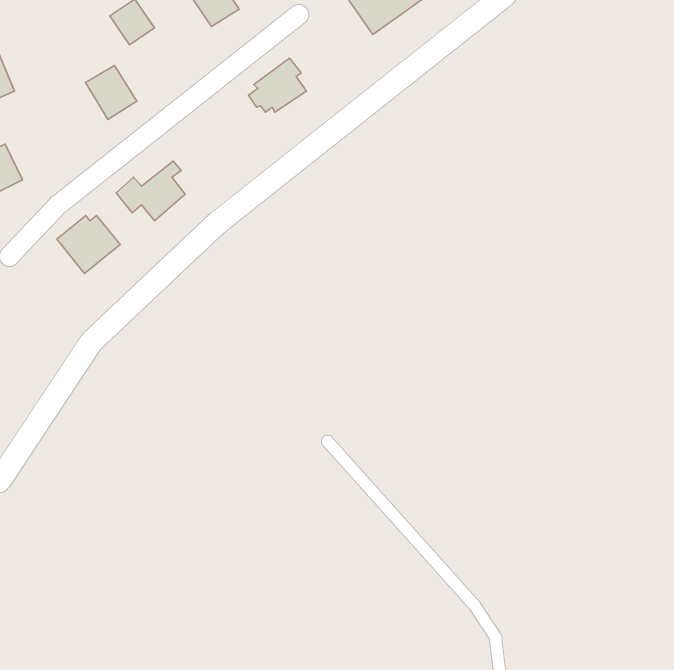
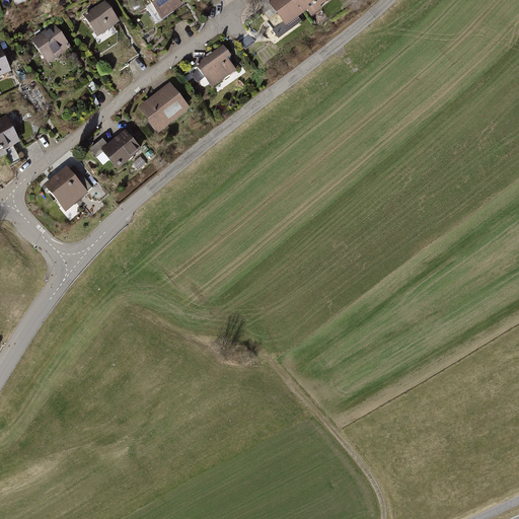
building: [85,65,137,120] -> [30,20,70,62]
building: none -> [138,82,189,132]

